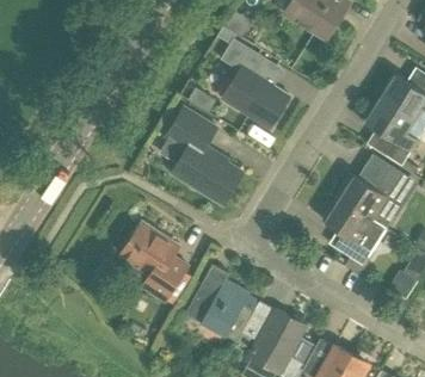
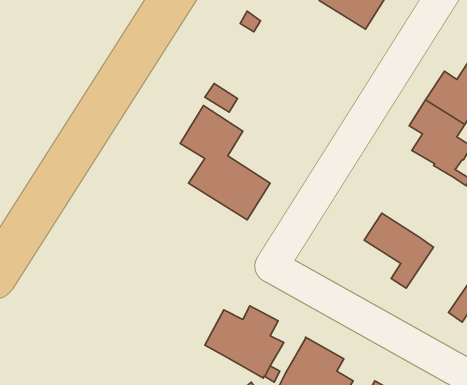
building: [220,38,290,129] -> none
building: [340,165,408,228] -> none
building: [118,222,191,304] -> none

